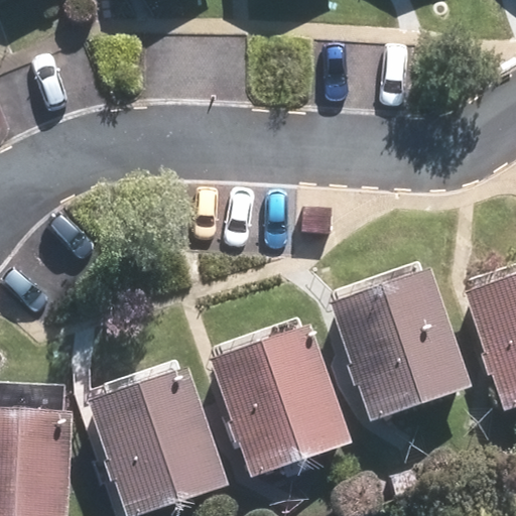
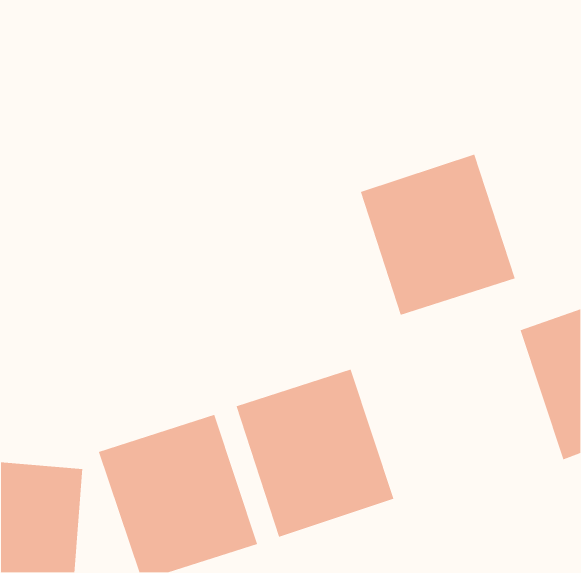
building: none -> [360,154,516,316]
building: [330,268,471,418] -> none

